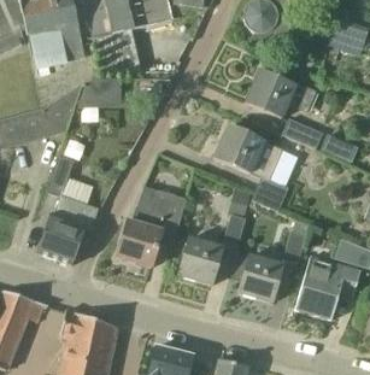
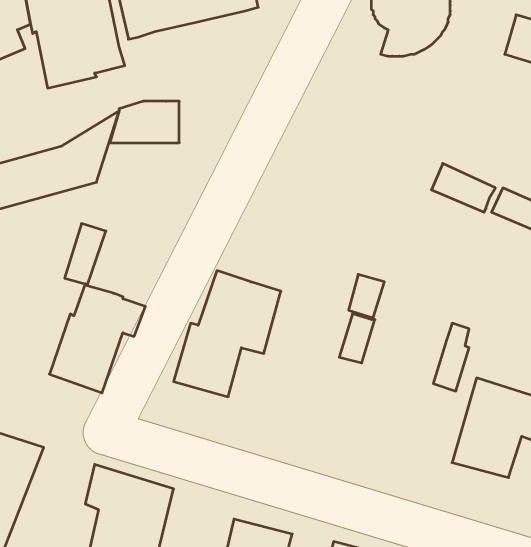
building: [246,70,316,117] -> none
building: [215,125,289,211] -> none
building: [178,238,222,285] -> none
building: [239,254,283,301] -> none

